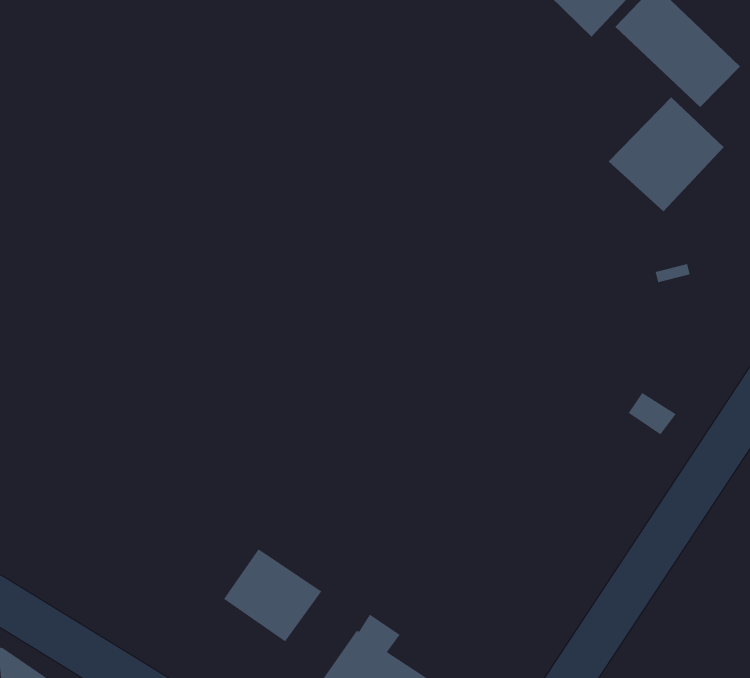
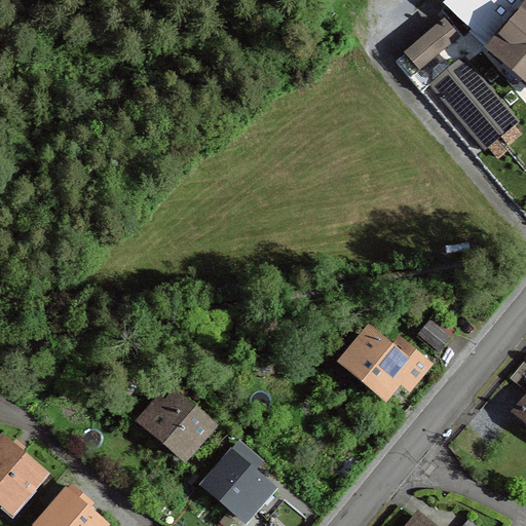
building: [608,97,725,212] -> none
building: none -> [339,331,426,390]

